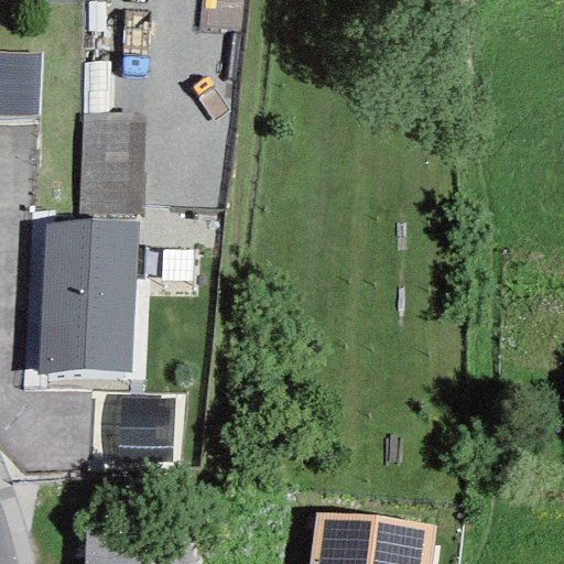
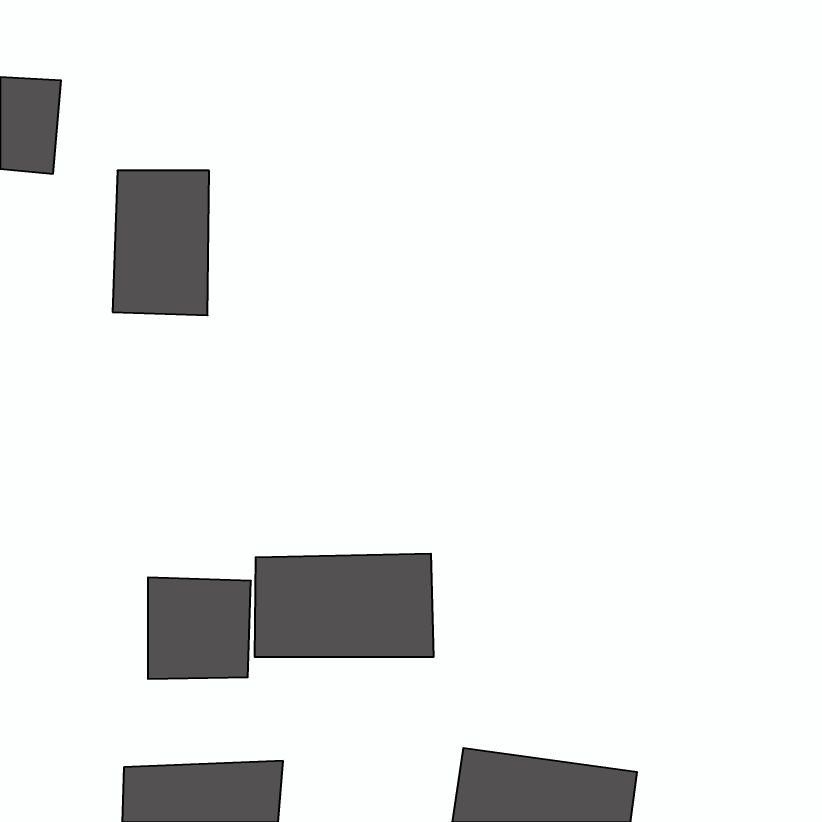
building: [36,224,138,373] -> none
building: none -> [255,554,434,657]

